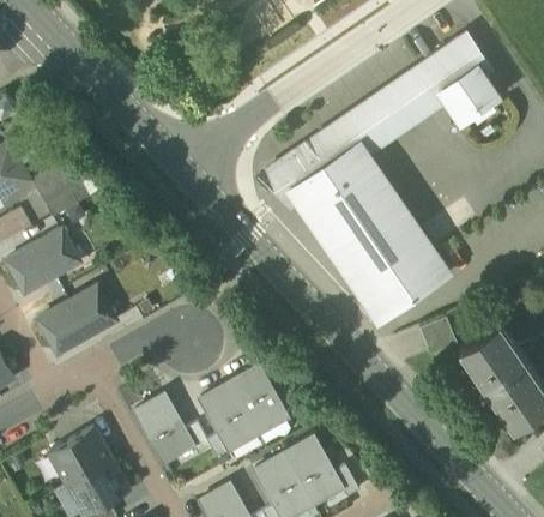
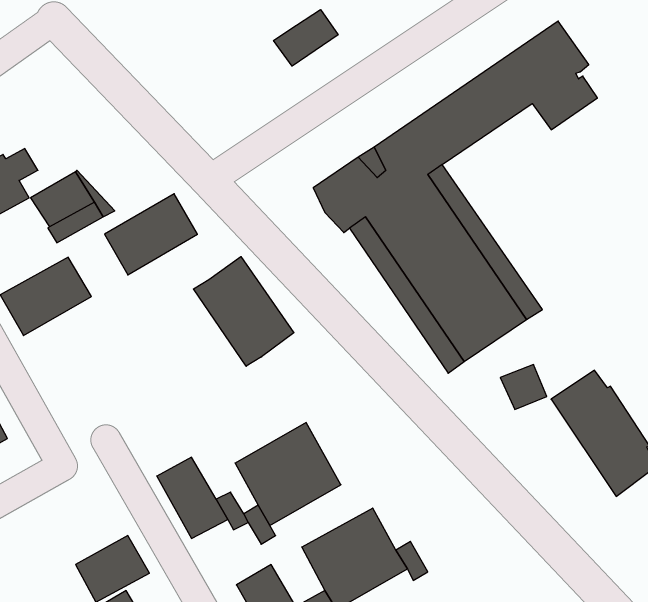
building: none -> [274,10,338,66]
building: none -> [193,257,294,366]
building: [38,285,115,353] -> [105,194,197,275]
building: [49,428,110,483] -> none

